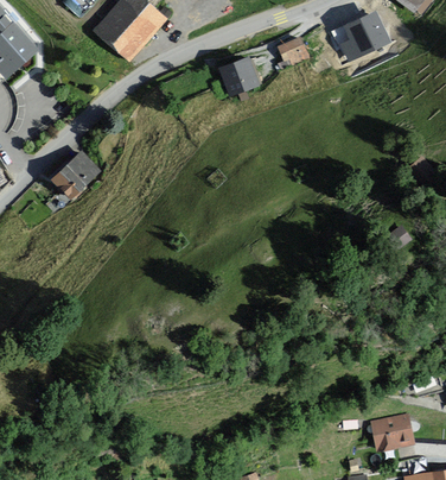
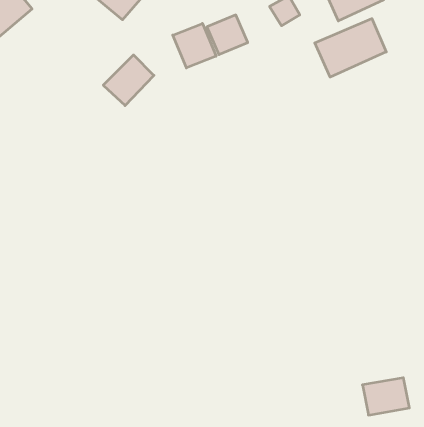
building: none -> [315,19,386,77]
building: none -> [173,23,216,68]
building: [51,152,101,202] -> [103,55,154,106]

